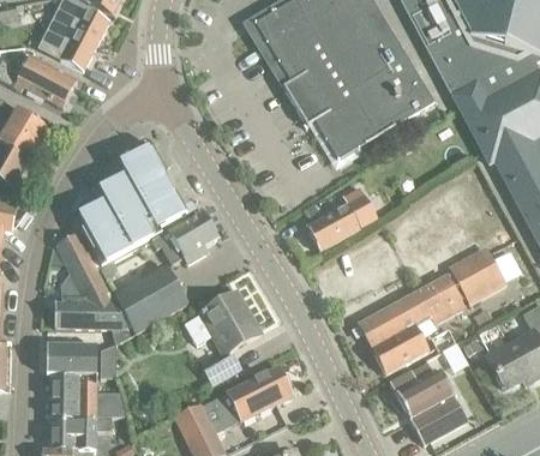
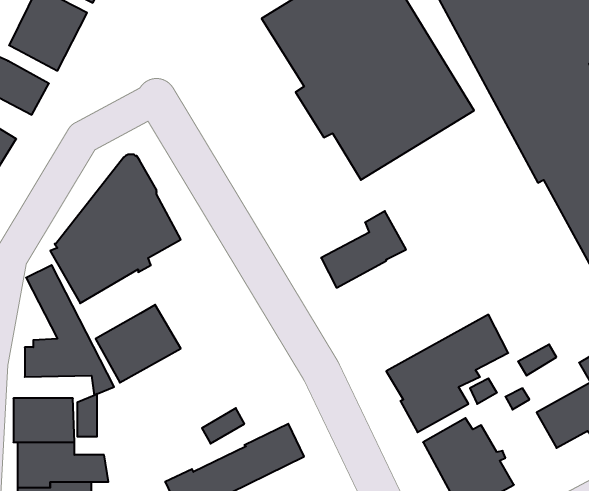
building: [150,212,215,262] -> none
building: [451,251,505,302] -> none
building: [184,290,259,352] -> none

